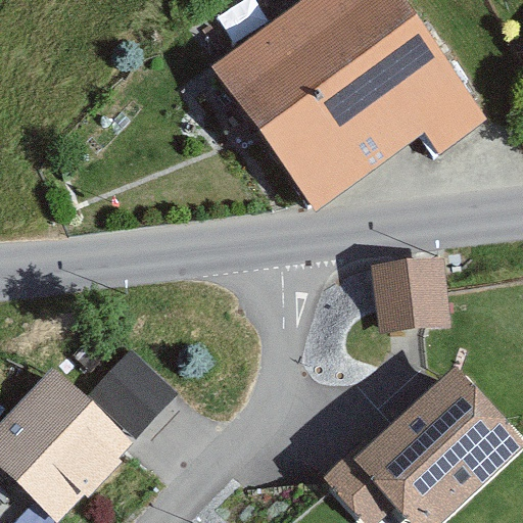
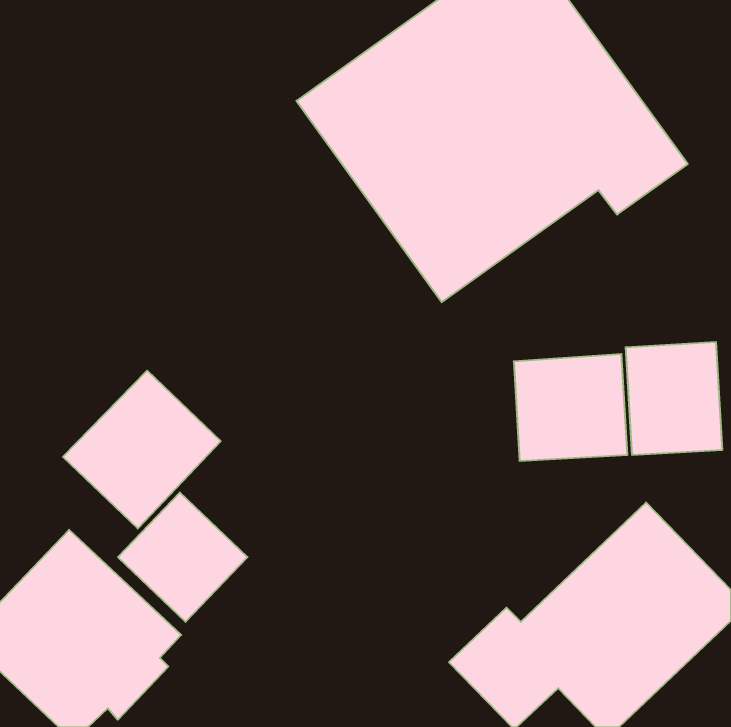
building: none -> [626,342,722,455]
building: none -> [63,371,221,529]

